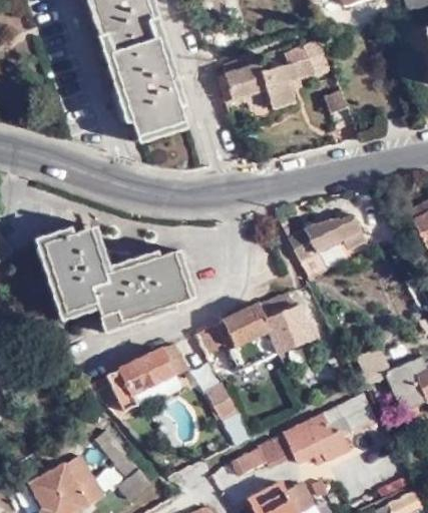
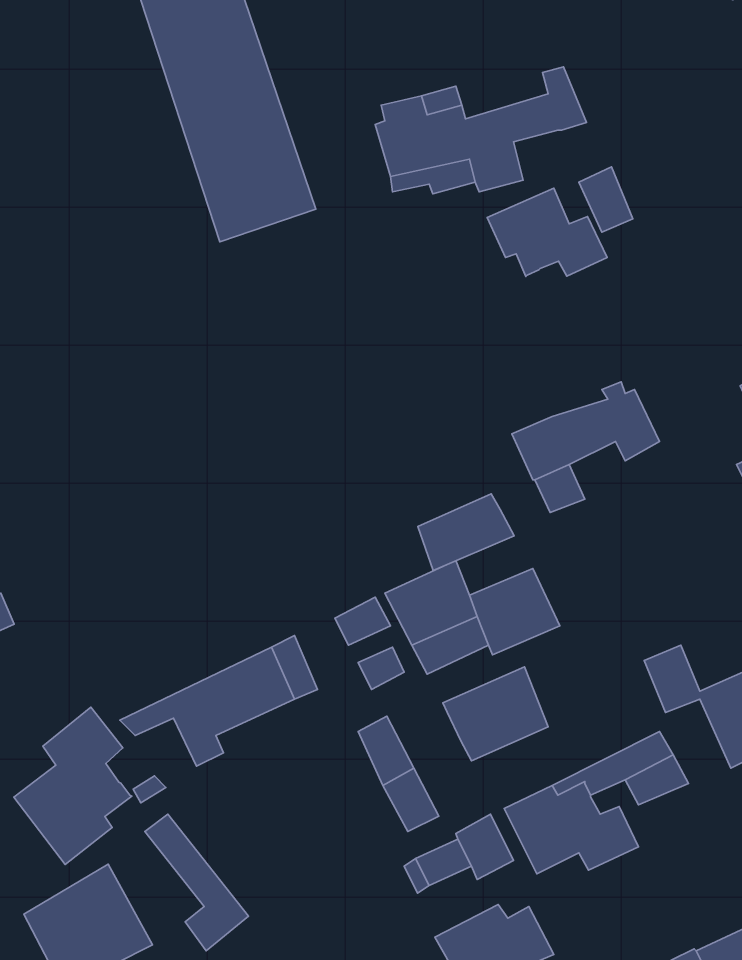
building: none -> [487,188,607,276]
building: [41,223,191,319] -> none
building: none -> [418,494,514,570]
building: none -> [443,667,548,761]
building: none -> [14,707,132,865]

